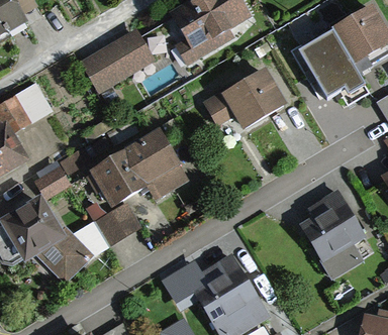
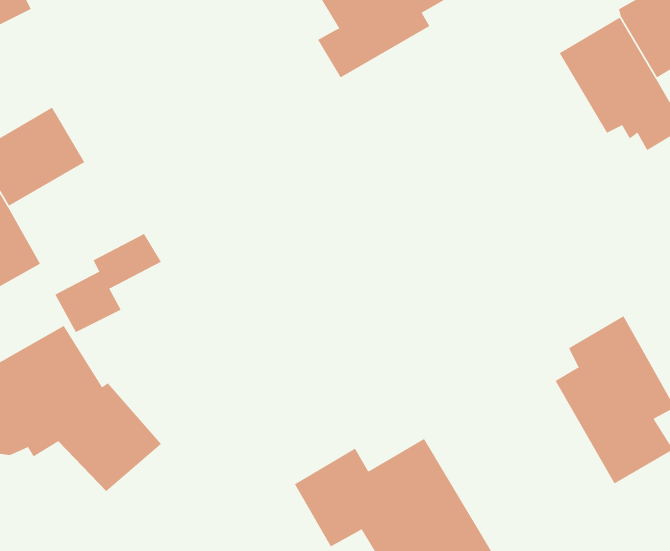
building: [81,28,159,92] -> none
building: [205,70,287,130] -> none
building: [87,129,188,242] -> none

